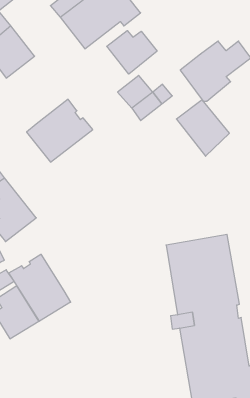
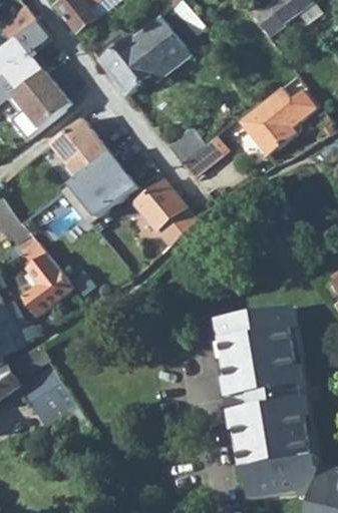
building: [107,31,157,74] -> none
building: none -> [51,118,108,180]
building: [176,100,229,156] -> [133,180,194,244]
building: [9,254,71,321] -> none

